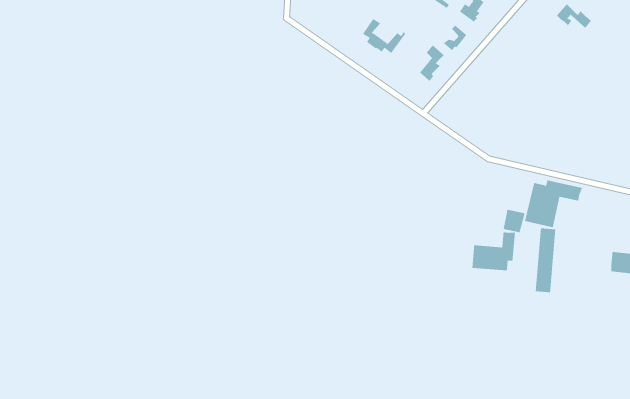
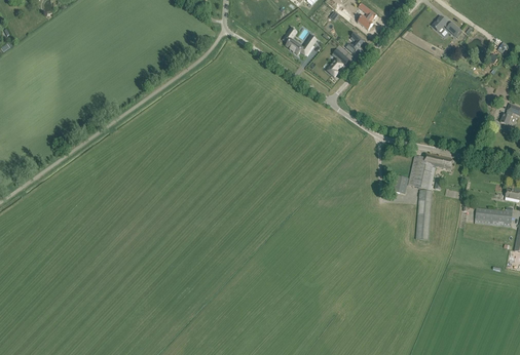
building: [472,232,516,271] -> none

